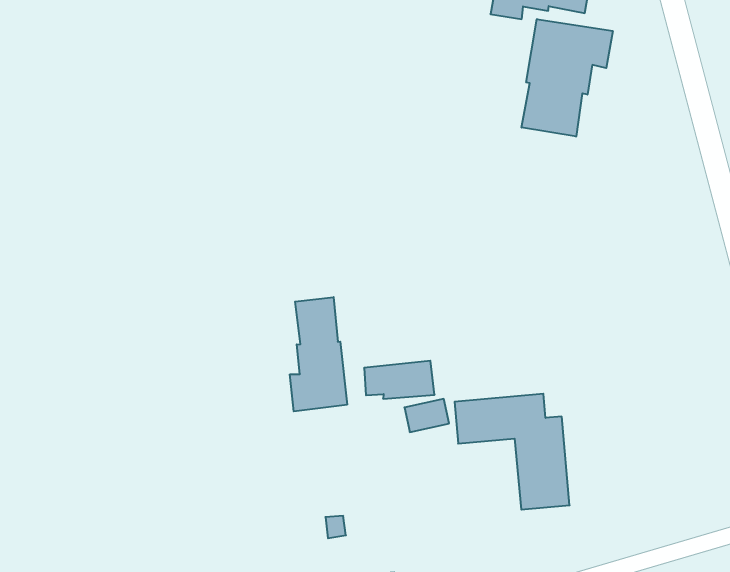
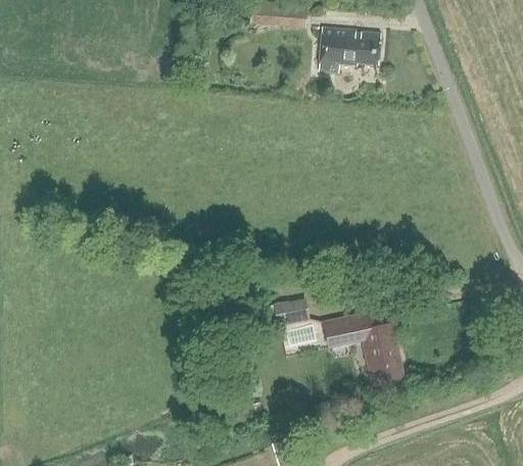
building: [522,19,613,137] -> none
building: [290,297,347,411] -> none

